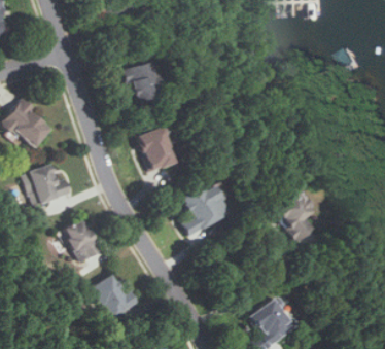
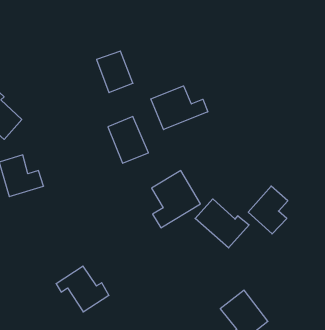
building: none -> [151,86,208,130]
building: none -> [195,199,249,248]
building: [62,219,98,264] -> none

